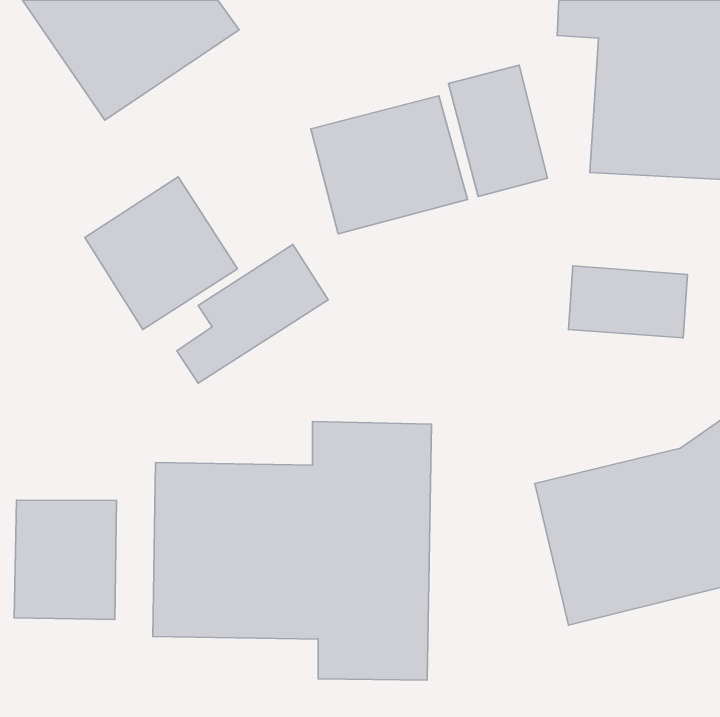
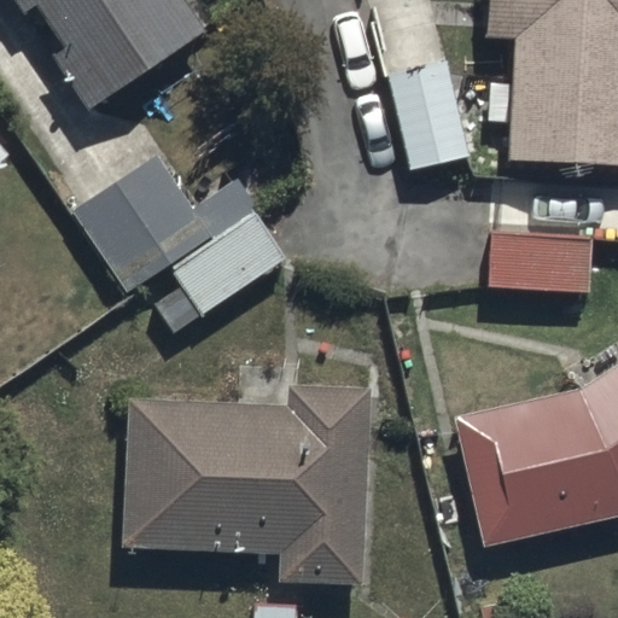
building: [311,96,468,234] -> none
building: [14,500,116,620] -> none

